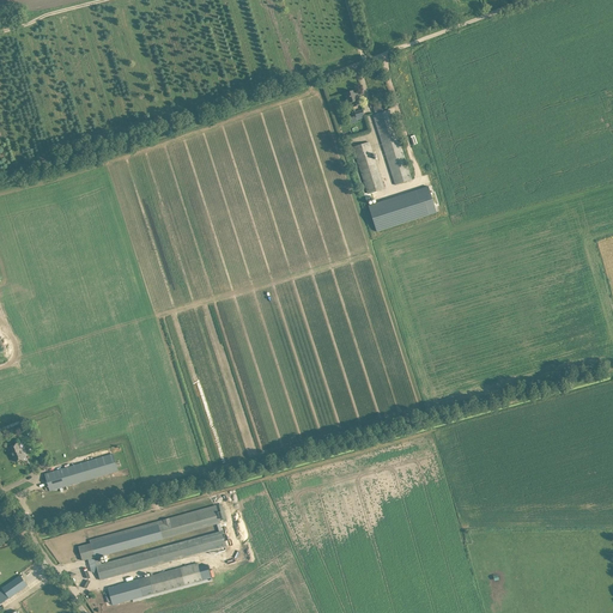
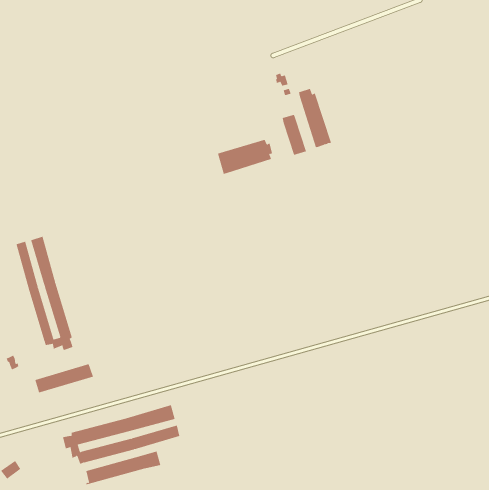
building: [368,187,437,231] -> [217,139,273,175]
building: none -> [16,236,73,351]

